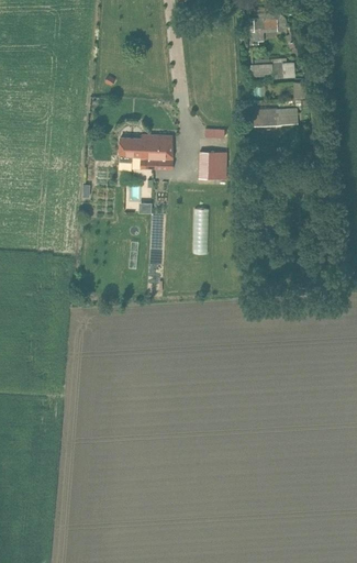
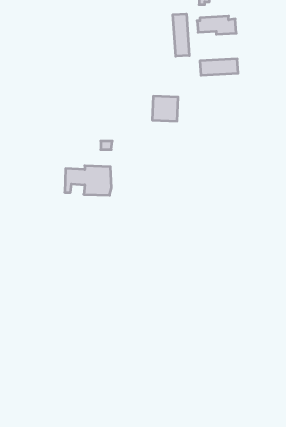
building: none -> [173,14,189,56]
building: [119,135,172,169] -> [65,166,111,195]

